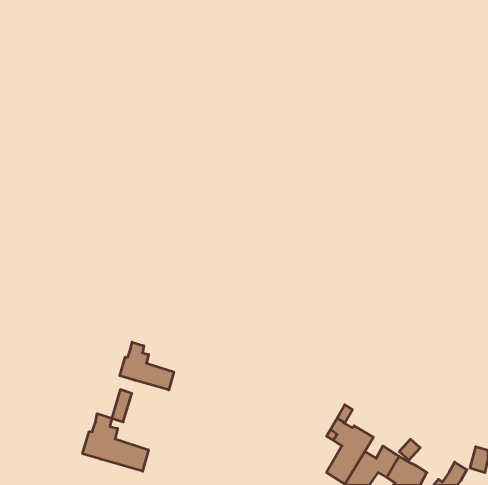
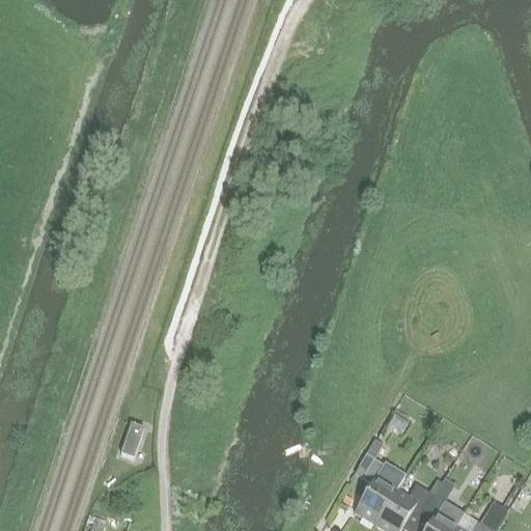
building: [120,342,174,390] -> none
building: [83,414,148,471] -> none

